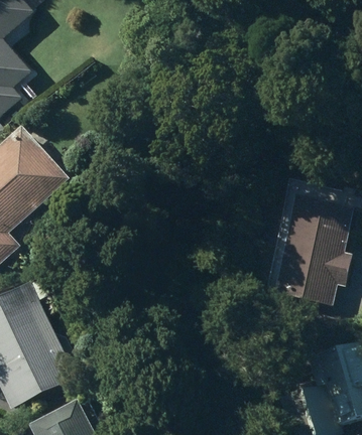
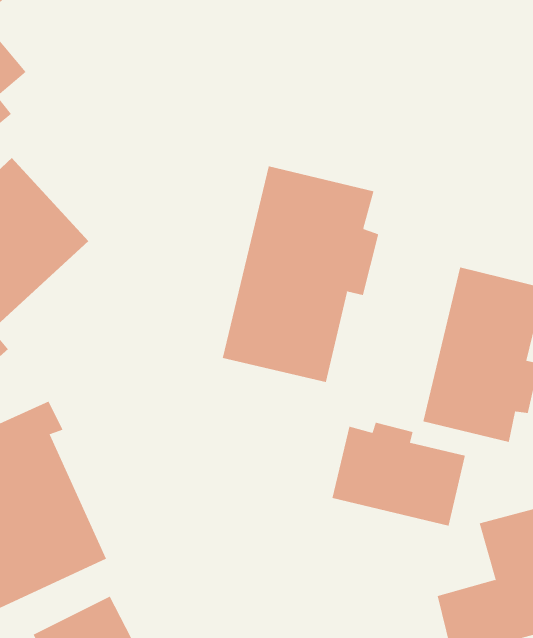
building: none -> [222,166,379,383]
building: none -> [332,422,466,527]

